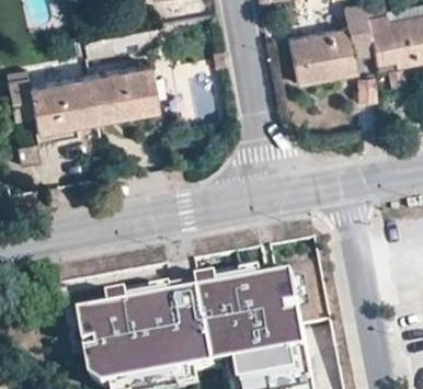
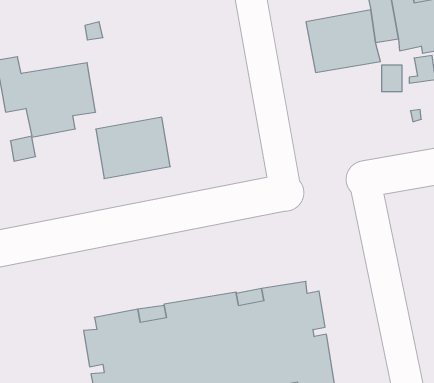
building: [91,66,159,122] -> [96,117,170,179]

